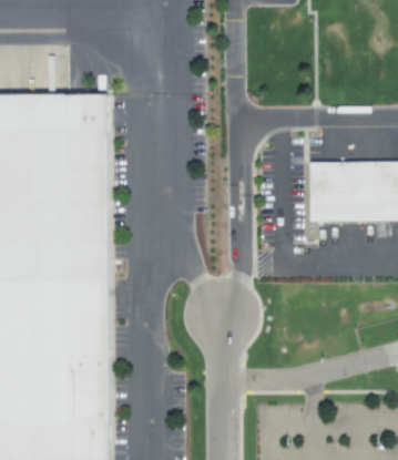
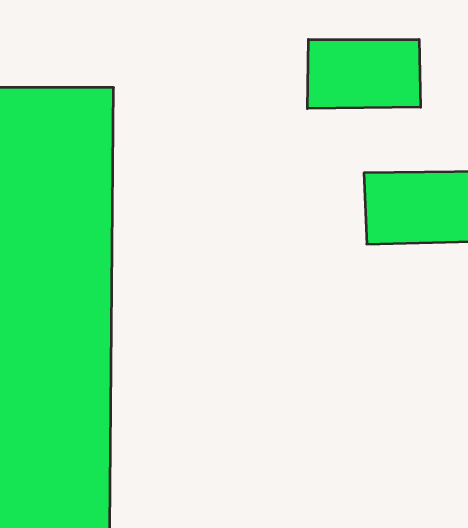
building: none -> [307,39,421,109]

